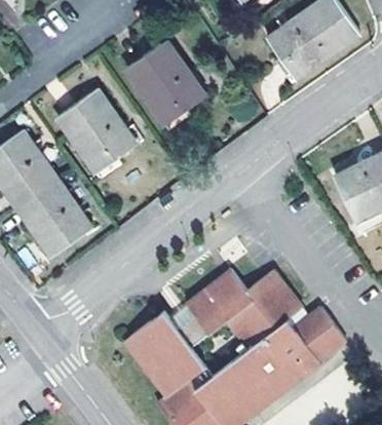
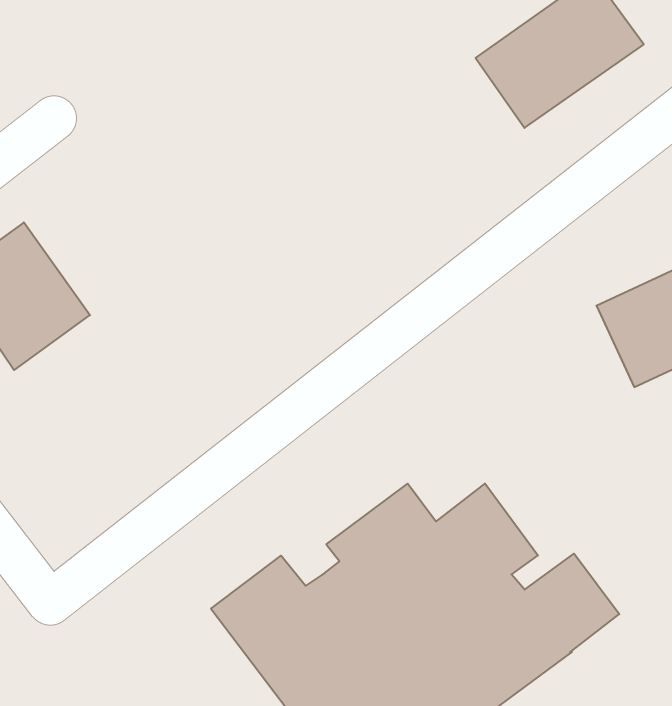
building: [125,39,205,125] -> none
building: [55,88,137,175] -> none
building: [17,180,92,257] -> none

